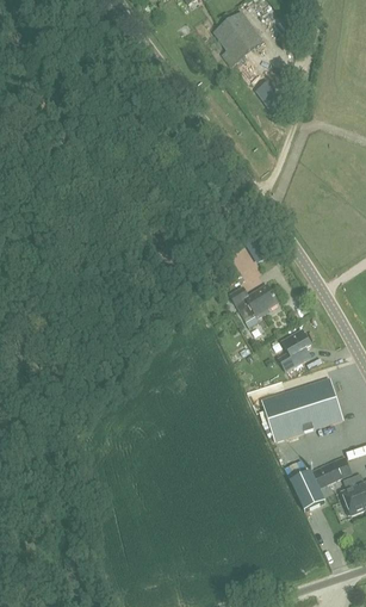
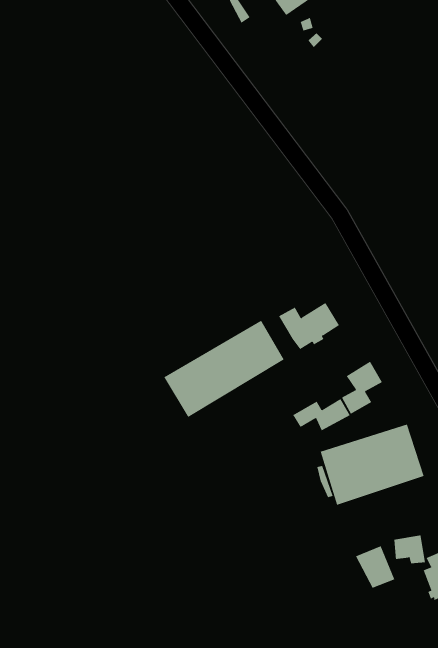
building: none -> [163,320,285,418]
building: none -> [292,398,351,431]

